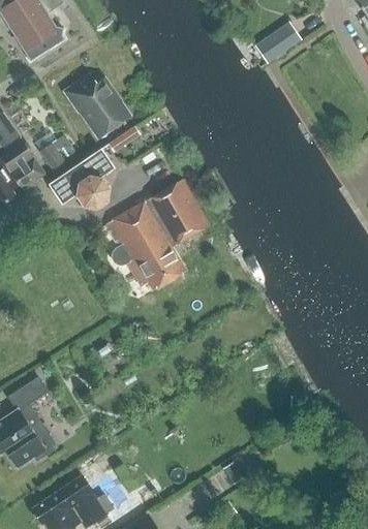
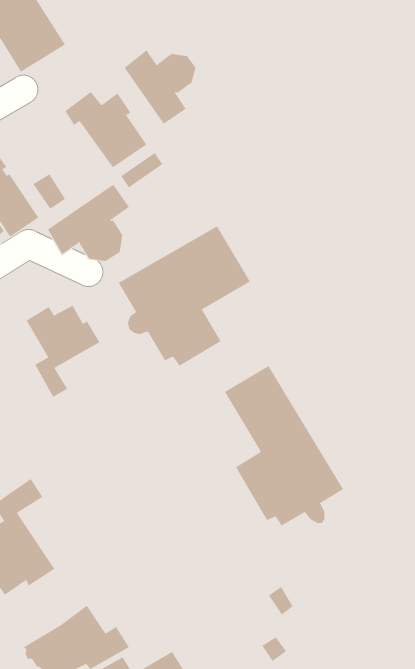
building: [254,21,300,62] -> none
building: none -> [124,50,196,124]
building: none -> [26,305,100,398]
building: none -> [224,365,344,527]

